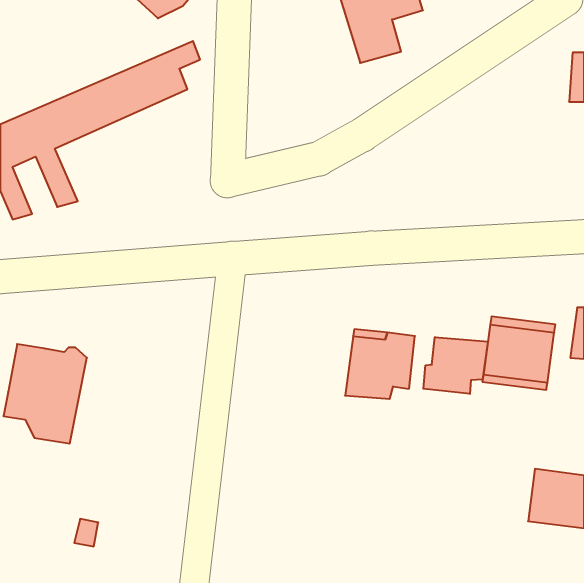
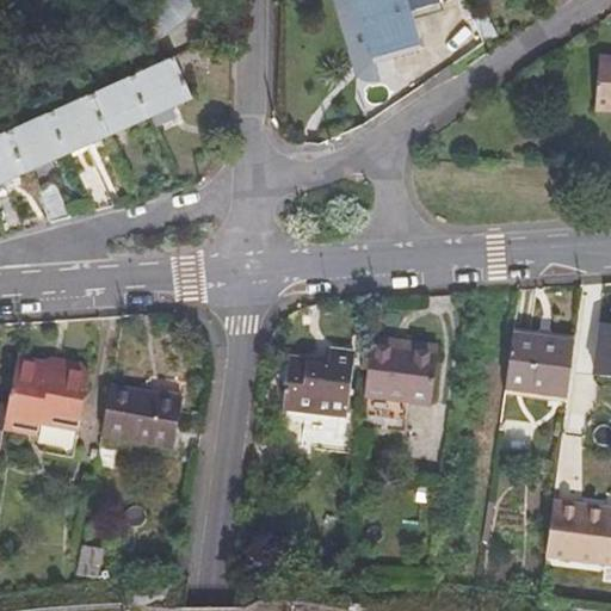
building: [423,337,488,394] -> none
building: none -> [279,354,350,419]
building: none -> [103,385,181,446]

